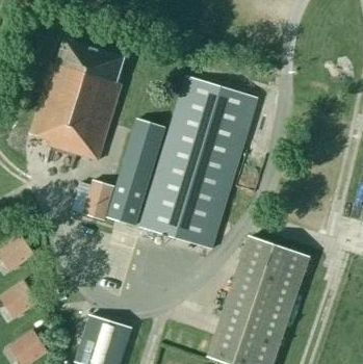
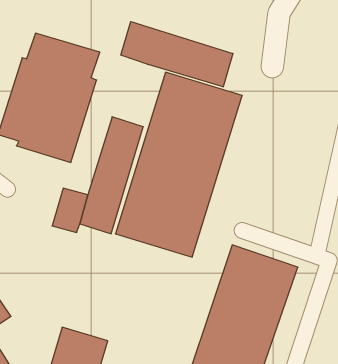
building: none -> [121,22,233,87]

